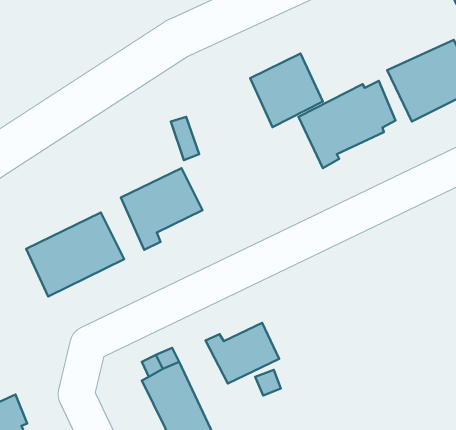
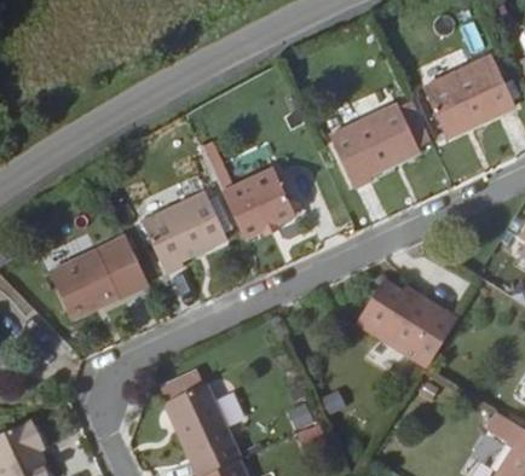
building: [250,54,323,127] -> [224,163,299,239]
building: none -> [356,277,460,371]
building: [205,323,279,384] -> none

